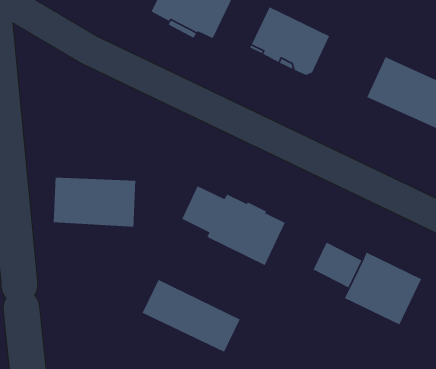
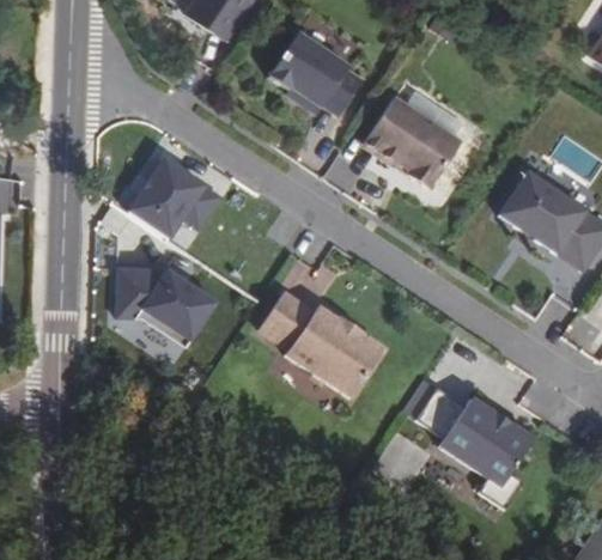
building: none -> [120,150,226,251]
building: [141,279,241,353] -> none

